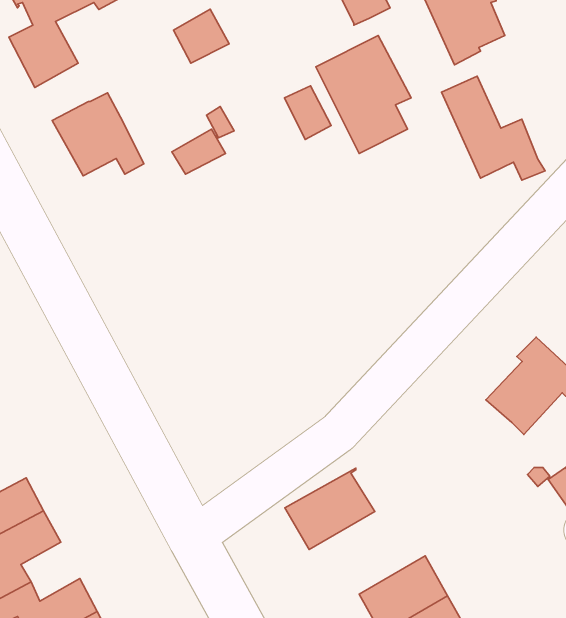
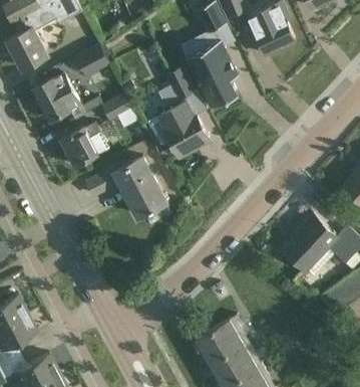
building: [174,9,229,63] -> [76,44,108,75]
building: [442,76,545,180] -> none
building: none -> [146,102,206,157]
building: none -> [59,123,108,167]
building: none -> [85,157,164,216]
building: [285,468,375,550] -> [195,316,247,363]

